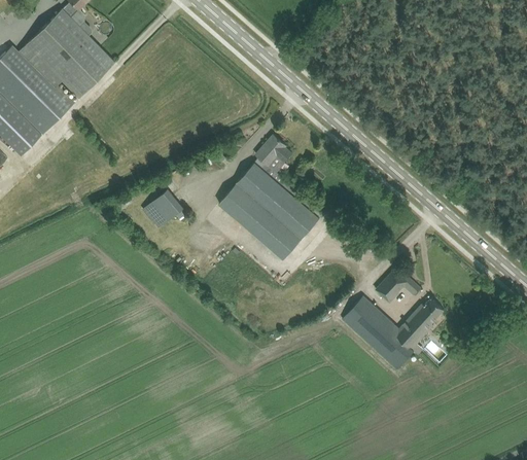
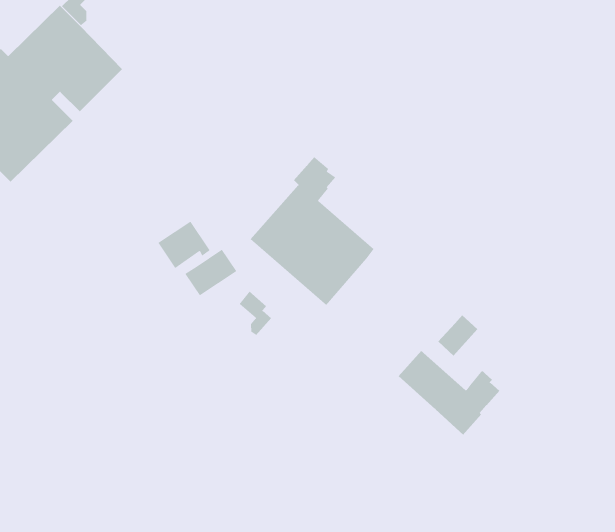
building: none -> [184,249,237,296]
building: none -> [239,291,272,336]
building: [413,298,444,331] -> none

